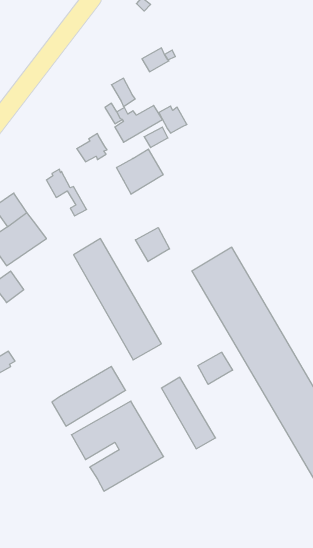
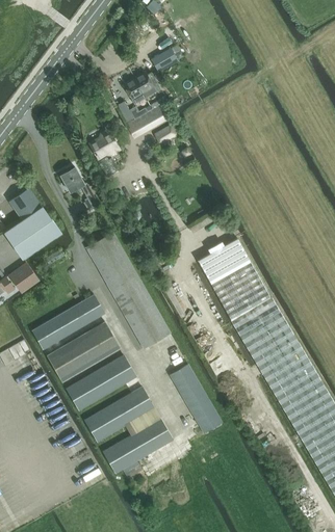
building: [159,106,187,133] -> [134,72,161,98]
building: [117,149,163,194] -> none
building: [135,228,170,262] -> none
building: none -> [32,295,105,350]
building: none -> [47,322,121,382]
building: [198,352,233,384] -> none

